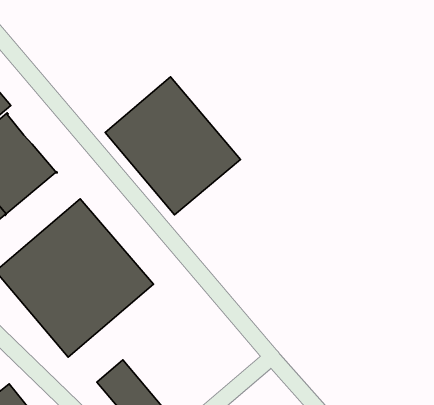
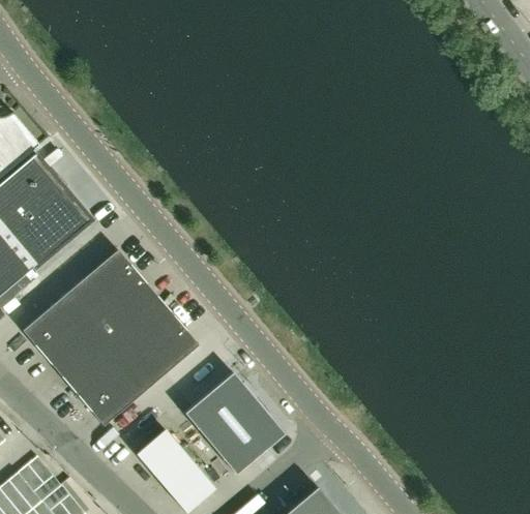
building: [105,77,241,215] -> none
building: none -> [183,372,284,475]

